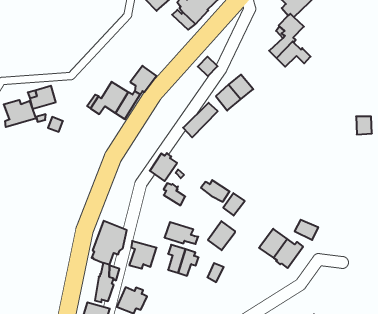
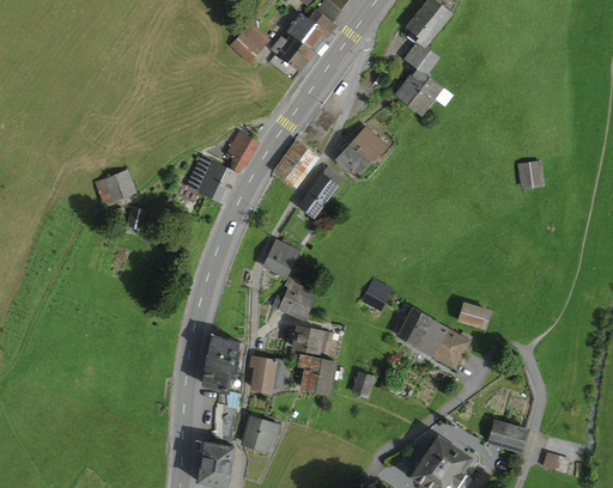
building: none -> [275,142,316,185]
building: [4,100,36,127] -> none
building: [201,180,230,202] -> [271,292,308,318]
building: [208,221,235,250] -> [396,307,430,344]

